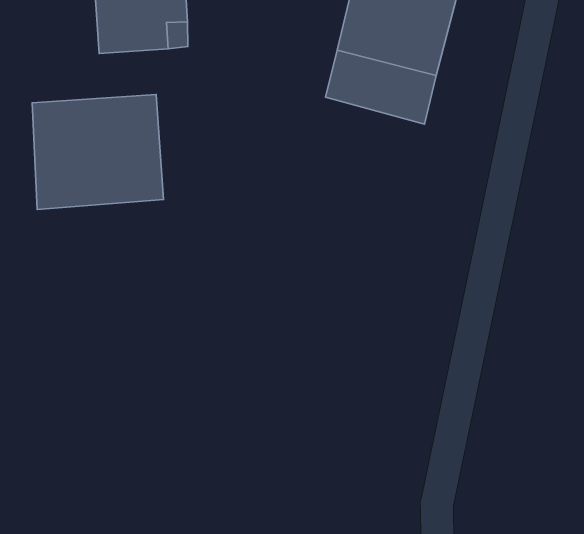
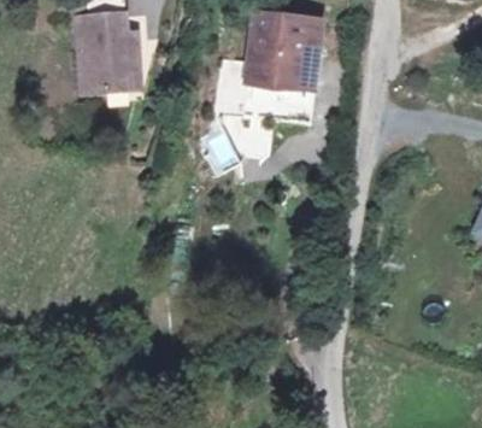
building: [32,95,164,210] -> none

